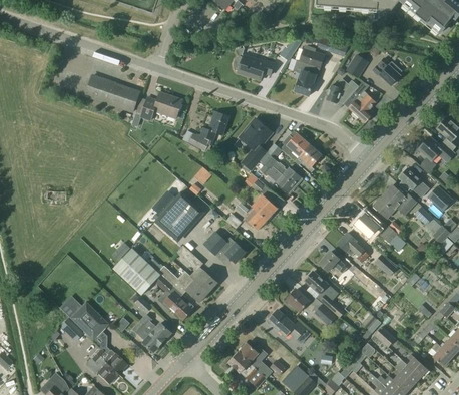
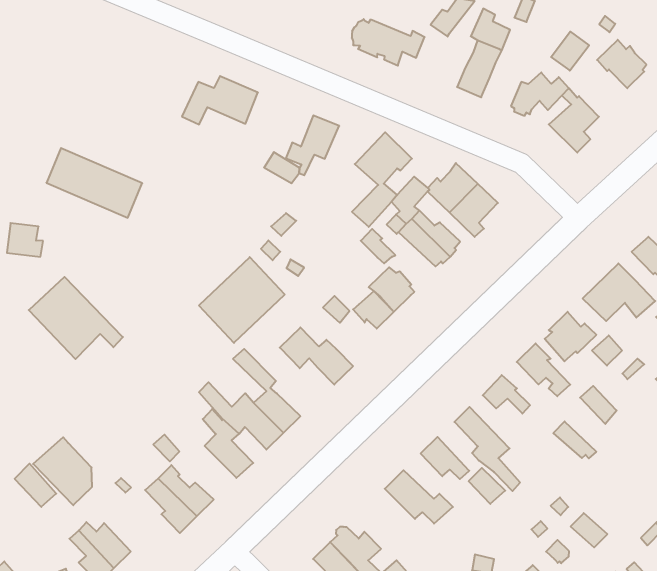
building: [85,75,139,112] -> [46,148,142,218]
building: [113,249,167,295] -> [29,277,123,359]

